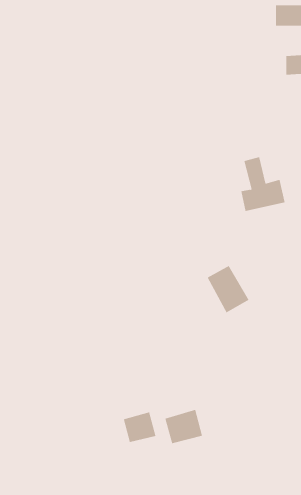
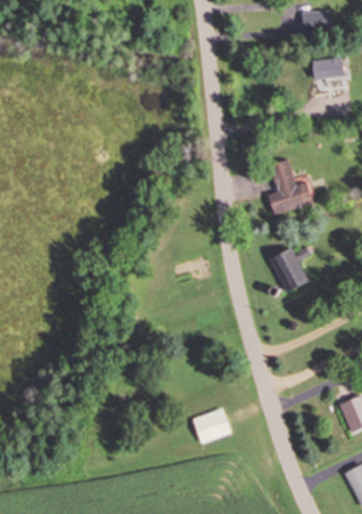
building: [207,265,250,313] -> [268,246,310,293]
building: [123,412,156,443] -> none

